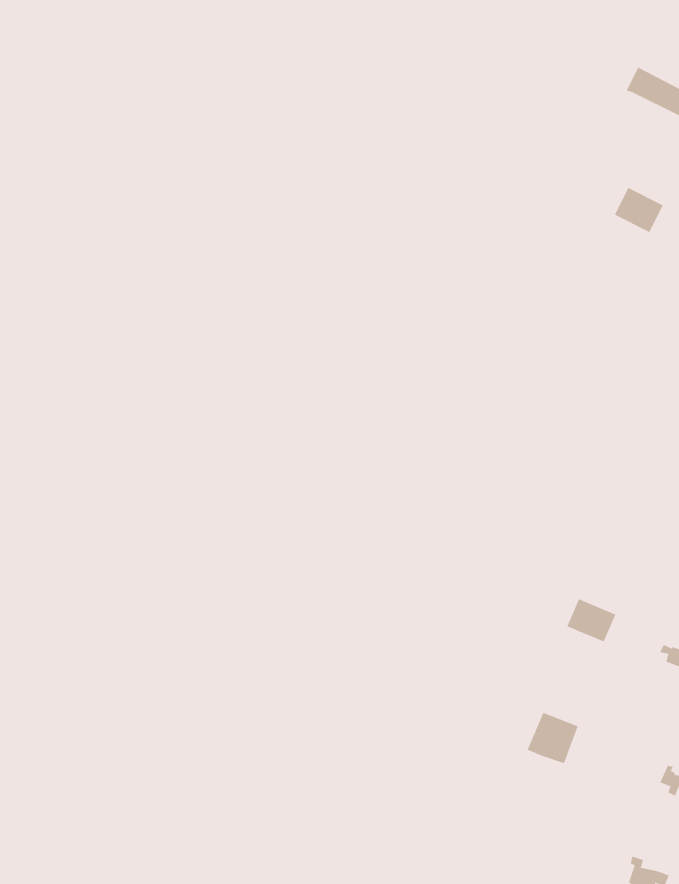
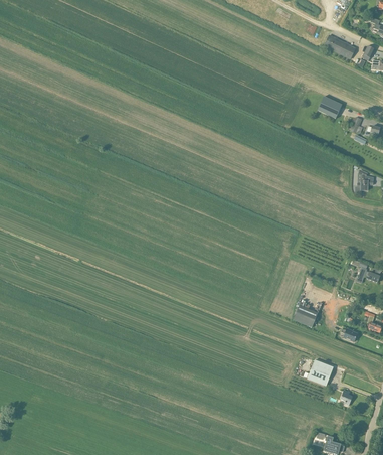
building: [527,712,578,764] -> [307,359,333,386]

